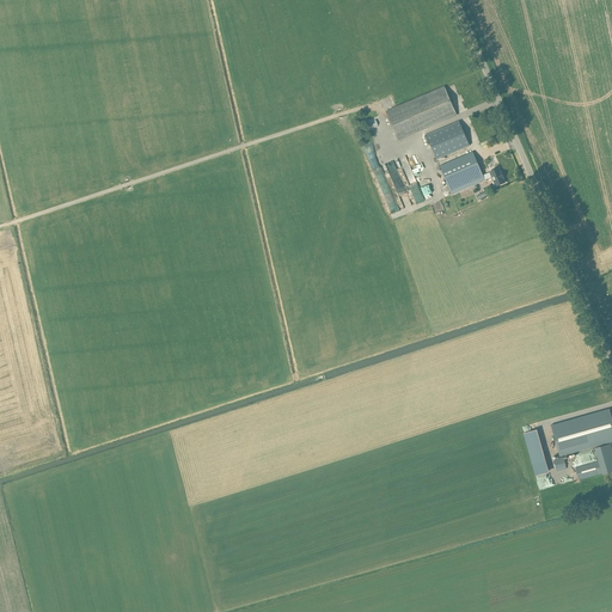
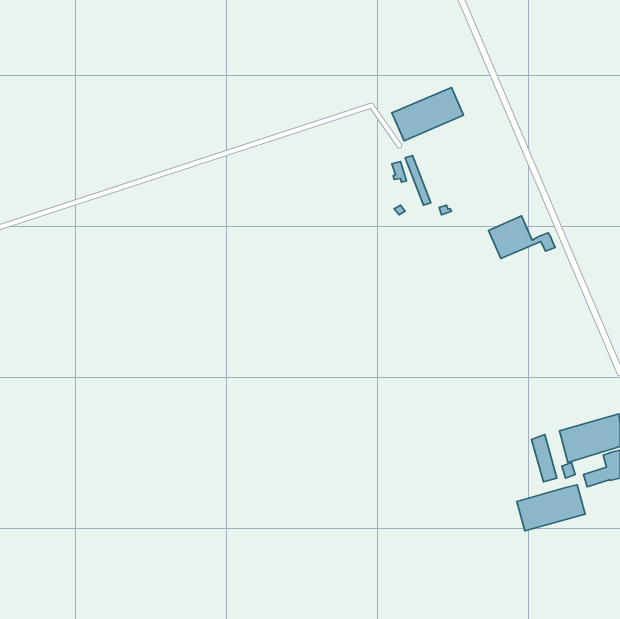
building: [427,120,470,159] -> none
building: [440,151,506,192] -> [489,216,555,258]
building: none -> [517,485,585,531]

